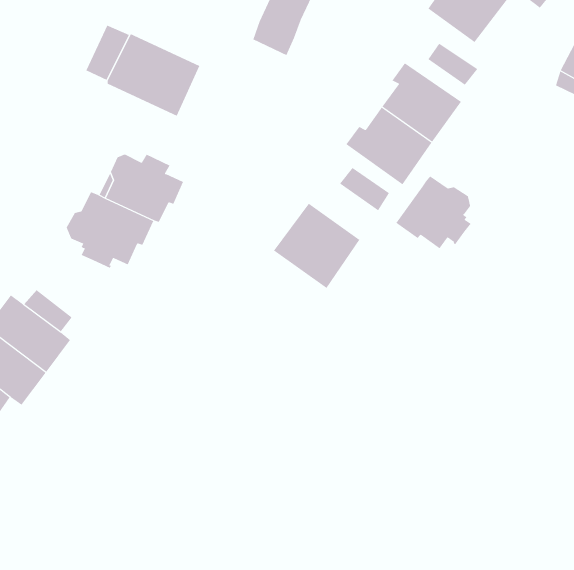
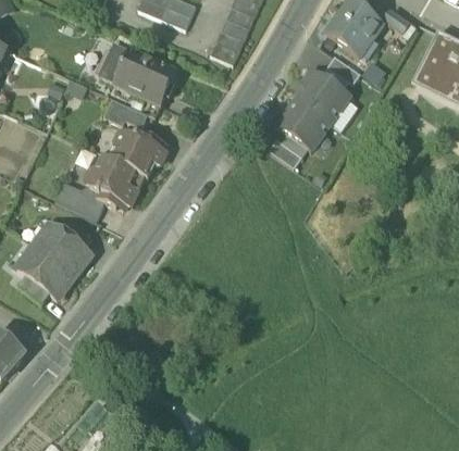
building: none -> [102,97,147,126]
building: [396,175,471,249] -> none
building: [273,203,360,289] -> none
building: none -> [54,180,103,220]

